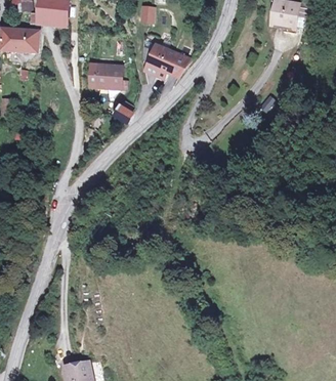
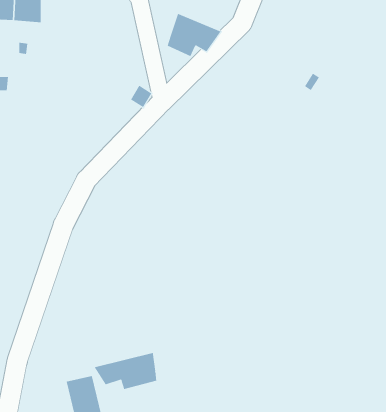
building: [97,65,122,87] -> none
building: none -> [94,352,157,390]

